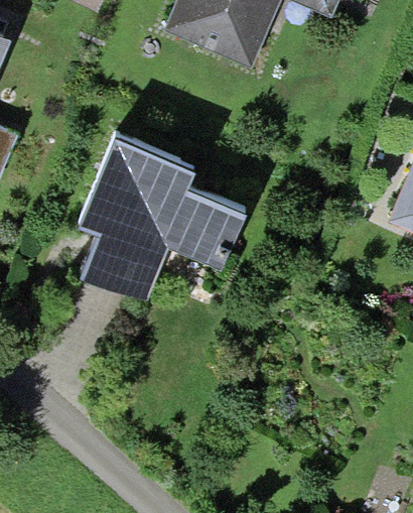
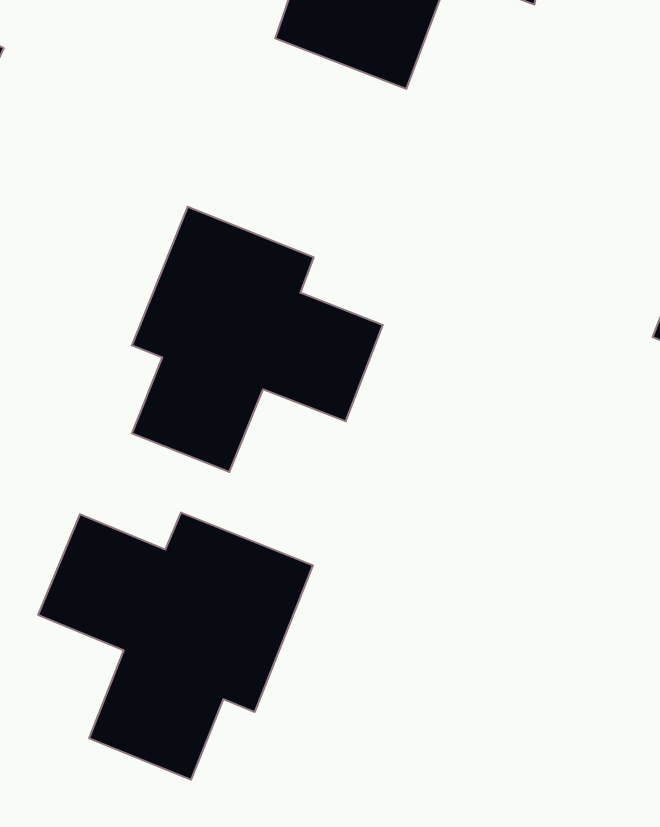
building: none -> [38,512,313,780]

